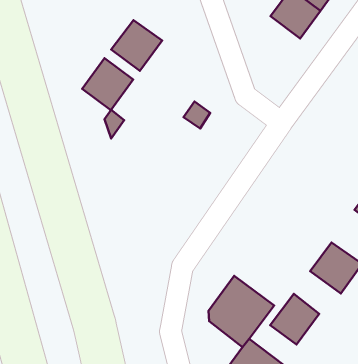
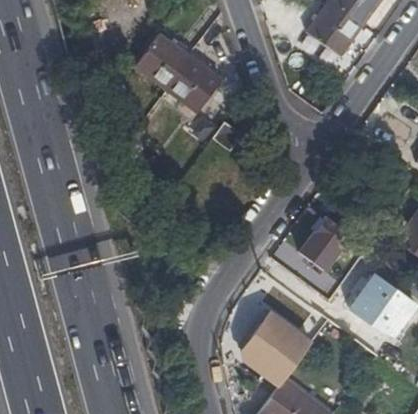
building: [82,58,133,110] -> [167,56,222,112]
building: none -> [303,227,351,278]
building: [270,294,319,345] -> none

